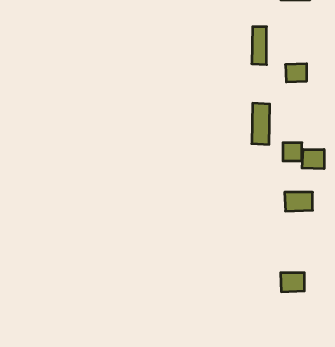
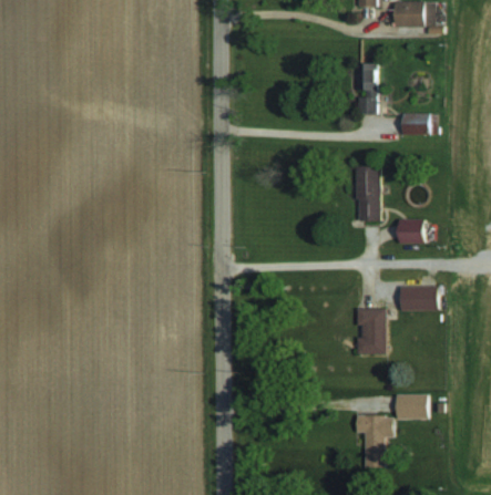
building: [302,149,324,169] -> none
building: none -> [355,308,385,354]
building: none -> [356,415,392,467]

